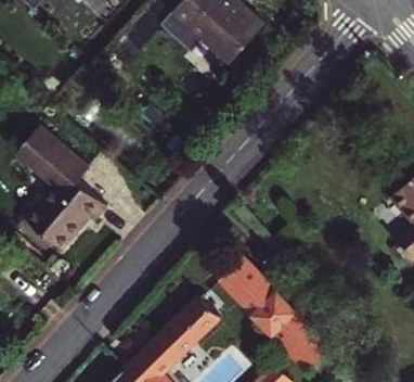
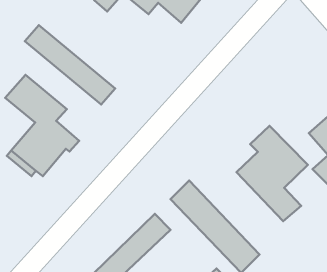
building: none -> [25,25,115,104]
building: none -> [237,126,308,221]

